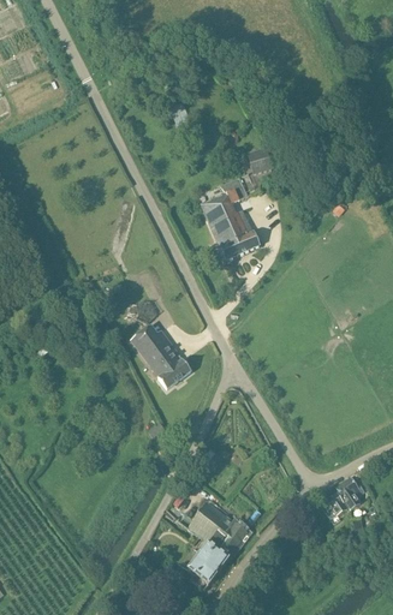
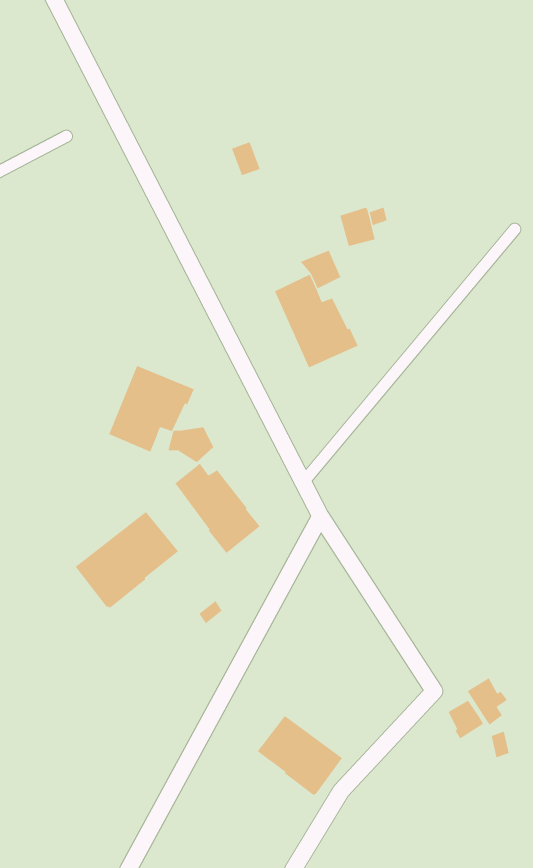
building: none -> [108,365,194,453]
building: none -> [75,511,179,609]
building: [181,543,228,592] -> none

